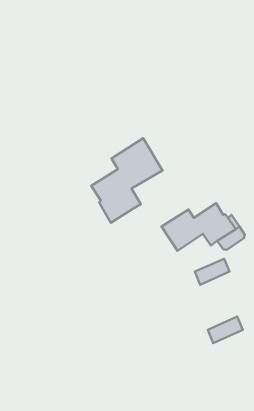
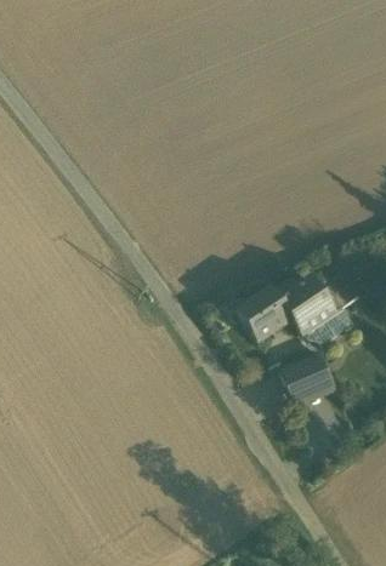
building: [91,138,163,223] -> none
building: [208,316,243,343] -> [288,368,335,405]

